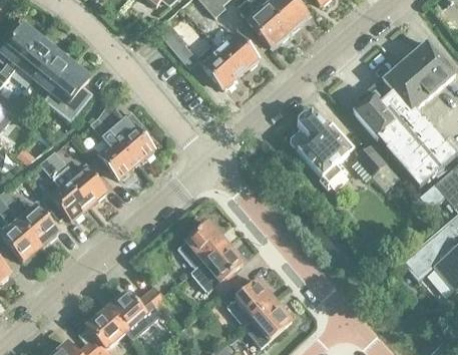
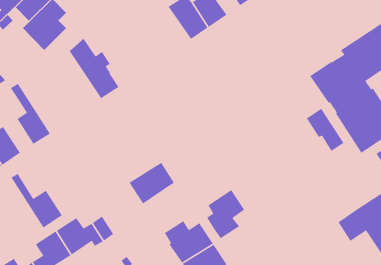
building: [296,110,353,184] -> none
building: [90,117,136,180] -> none
building: [47,151,107,207] -> [10,173,63,228]
building: [202,242,243,296] -> [206,189,245,239]

